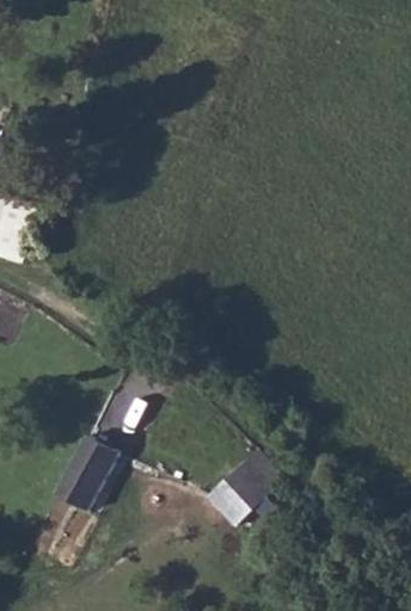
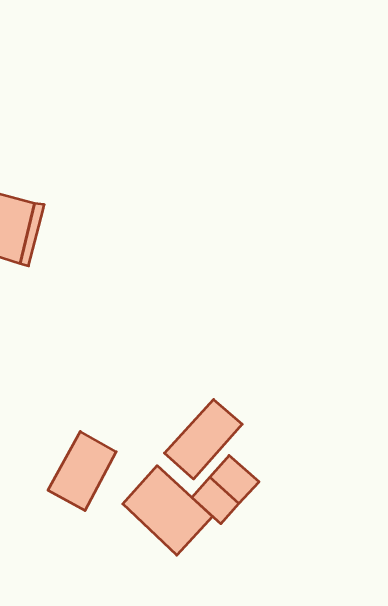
building: none -> [164,399,242,479]
building: none -> [123,466,213,555]

